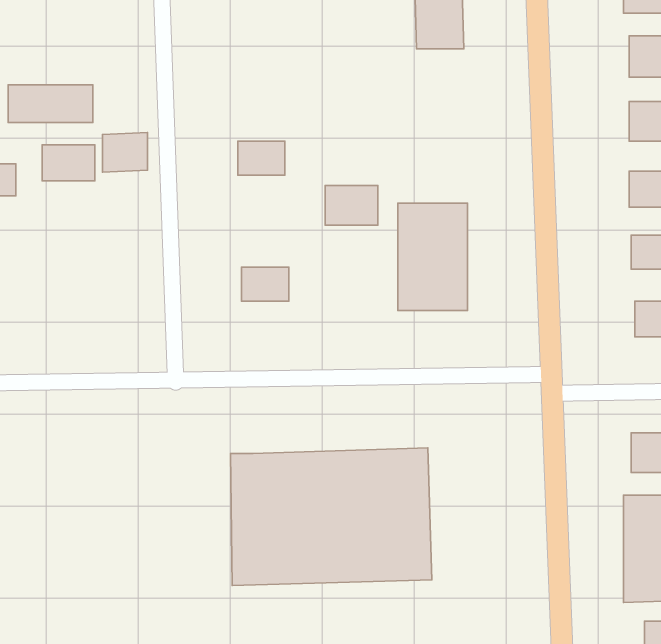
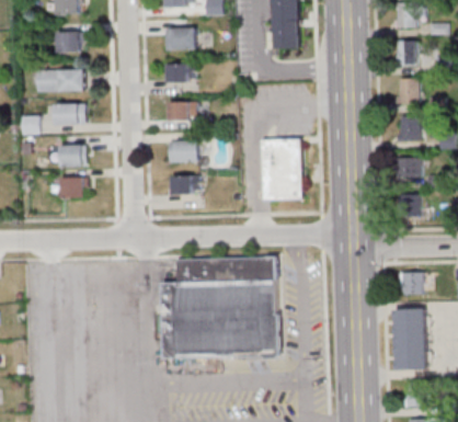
building: none -> [163,27,196,50]
building: none -> [57,32,82,53]
building: none -> [165,62,196,83]
building: [102,132,148,172] -> [60,144,87,167]
building: [325,186,378,225] -> [169,139,199,162]
building: none -> [60,178,87,198]
building: none -> [176,259,279,284]

